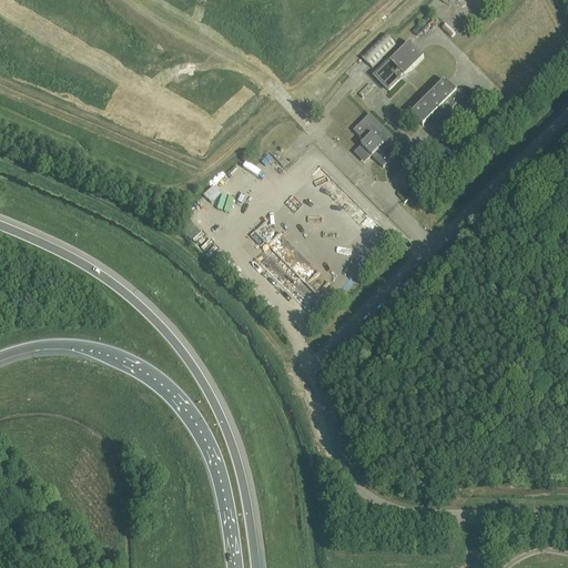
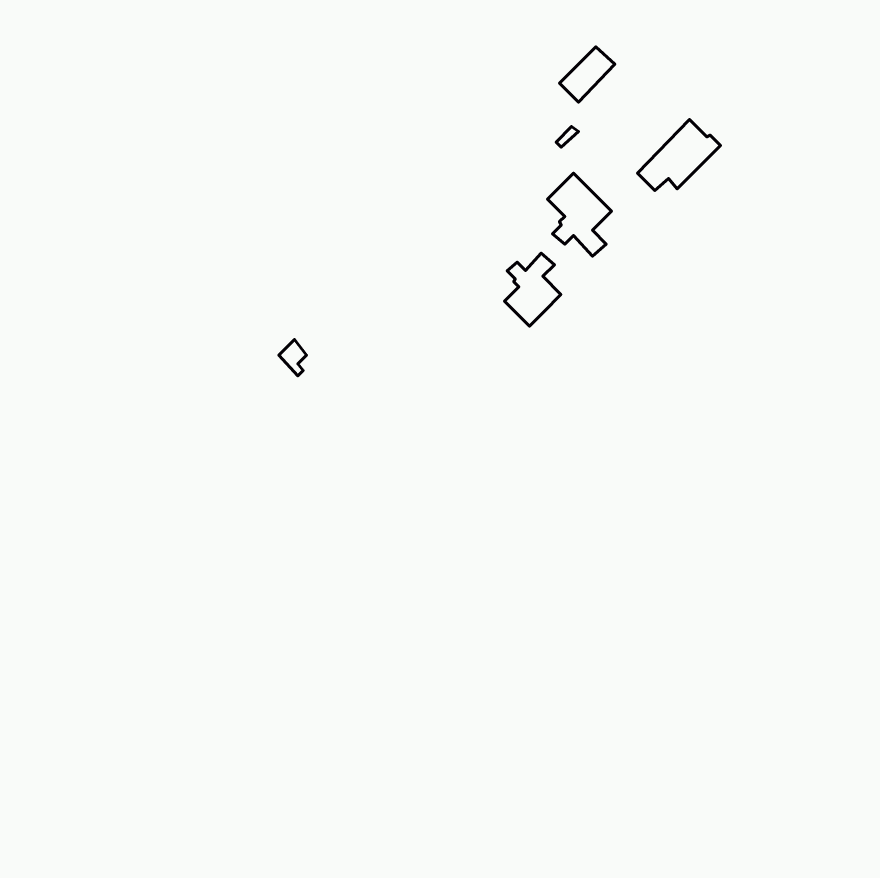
building: [373,40,420,87] -> none
building: none -> [505,253,561,326]

